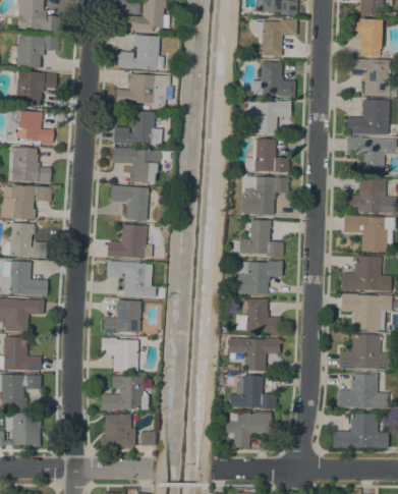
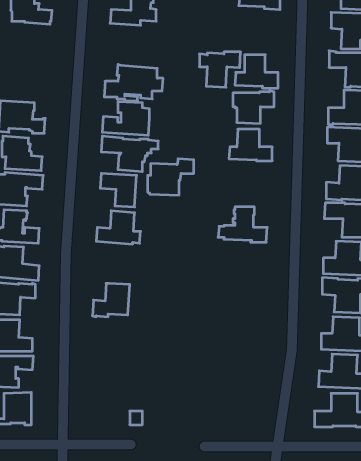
building: [254,19,297,56] -> [199,52,241,87]
building: [16,35,60,68] -> none
building: [118,35,164,70] -> none
building: [12,71,57,106] -> none
building: [241,177,289,215] -> [148,159,194,195]
building: [107,260,156,296] -> none
building: [237,261,283,294] -> none
building: [236,298,282,334] -> none
building: [101,337,138,372] -> none
building: [228,338,279,371] -> none
building: [229,375,277,409] -> none
building: [101,376,152,409] -> none
building: [225,413,272,448] -> none
building: [101,415,135,447] -> none

